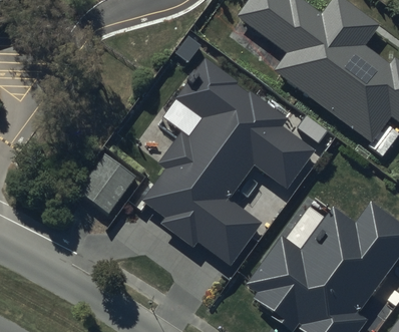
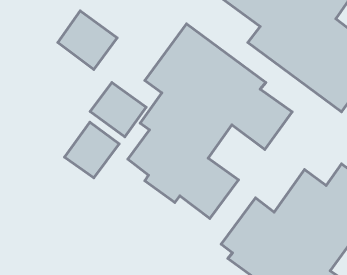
building: none -> [58,11,117,69]
building: none -> [90,83,146,137]

